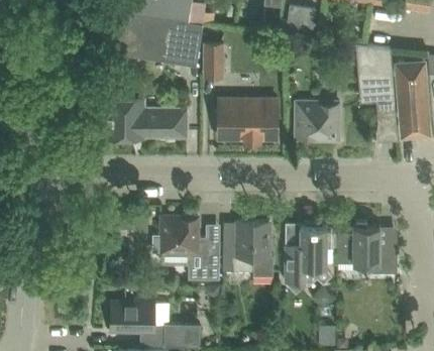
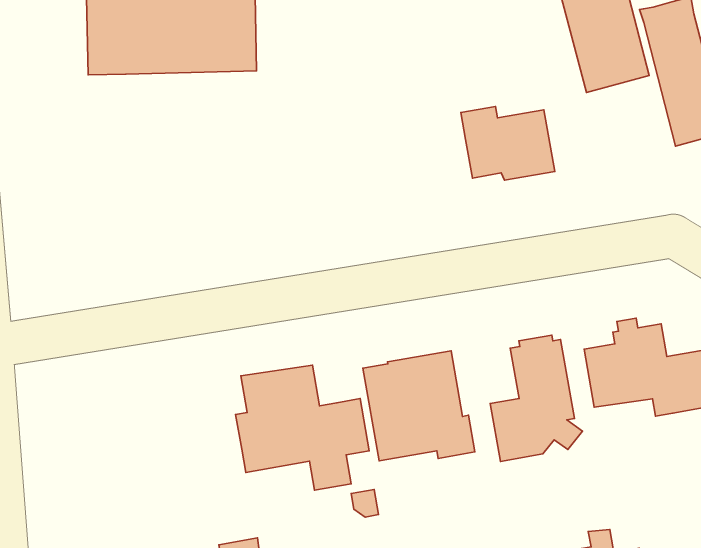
building: [203,44,225,80] -> none
building: [105,99,187,139] -> none
building: [214,100,277,141] -> none

